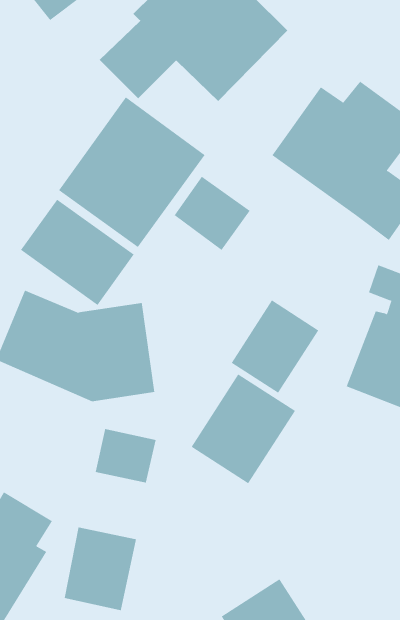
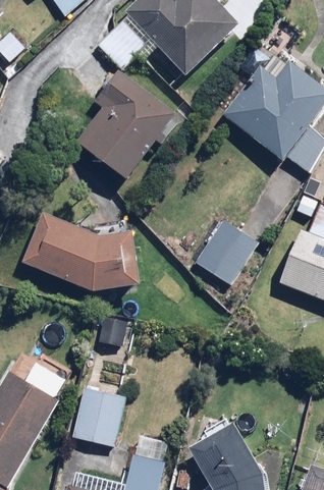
building: [174,176,250,251] -> none
building: [20,199,134,306] -> none
building: [191,374,296,484] -> none

